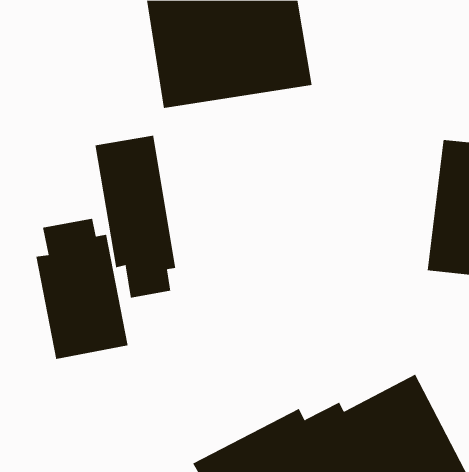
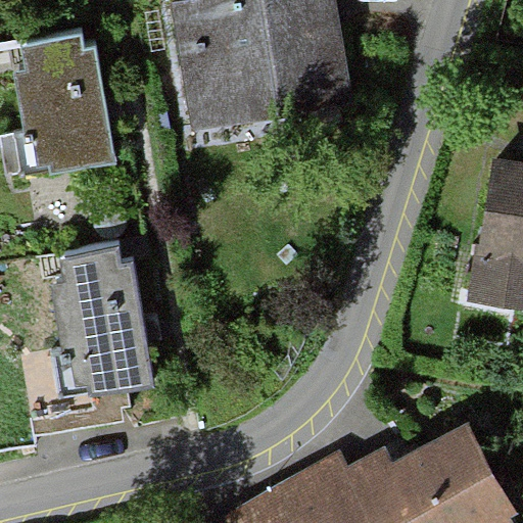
building: none -> [19,39,114,173]
building: [95,135,176,299] -> none

